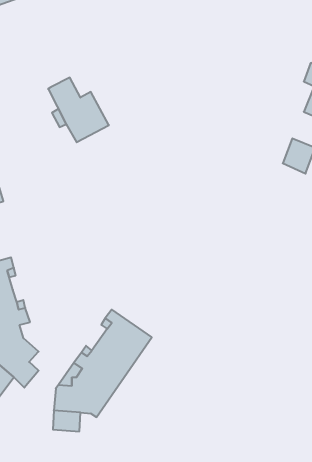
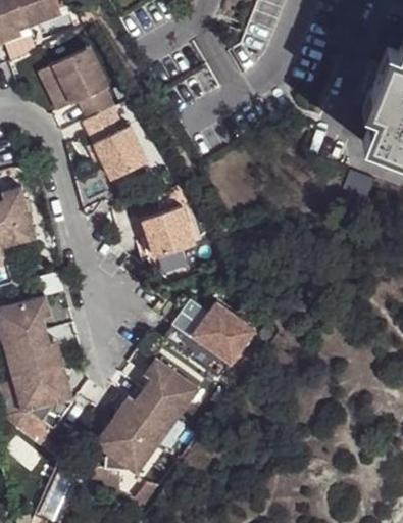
building: none -> [41,47,115,118]
building: none -> [137,203,197,255]
building: none -> [160,298,251,359]

